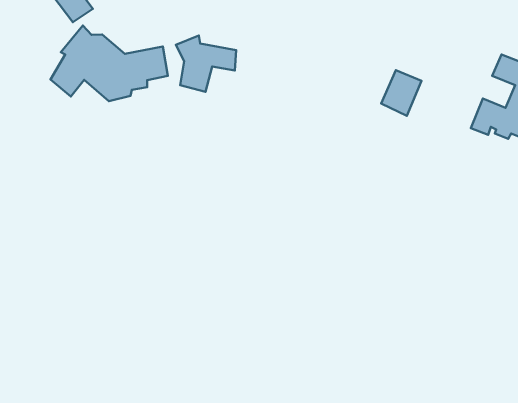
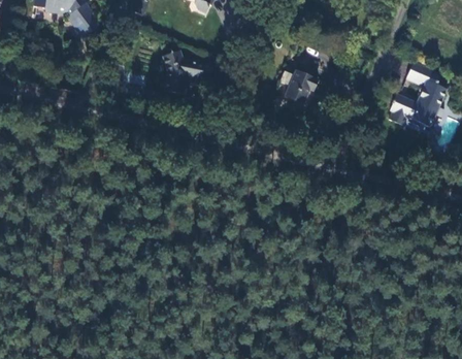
building: [51,26,168,101] -> none
building: [381,70,421,116] -> [286,73,317,108]

